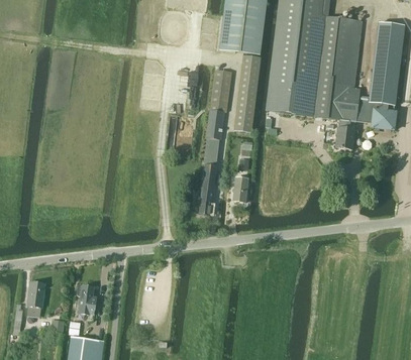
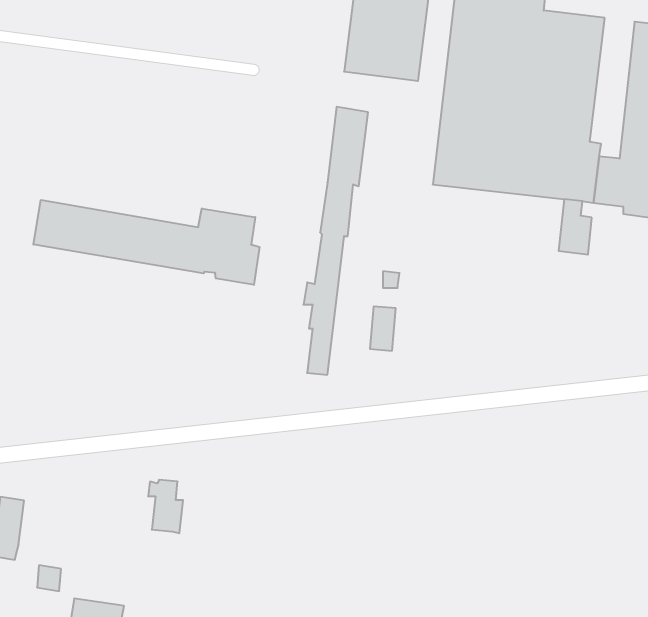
building: [234,55,261,132] -> none
building: none -> [33,200,259,285]
building: [77,285,96,315] -> [148,480,183,533]

